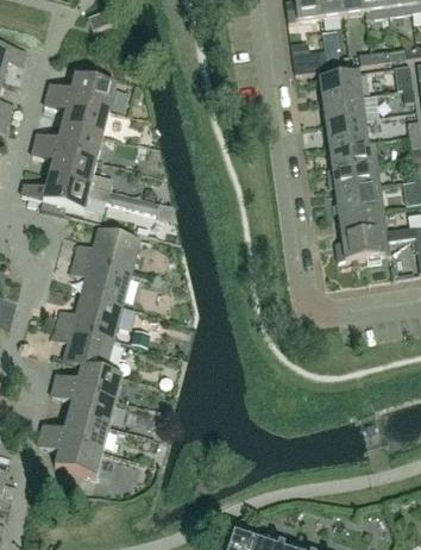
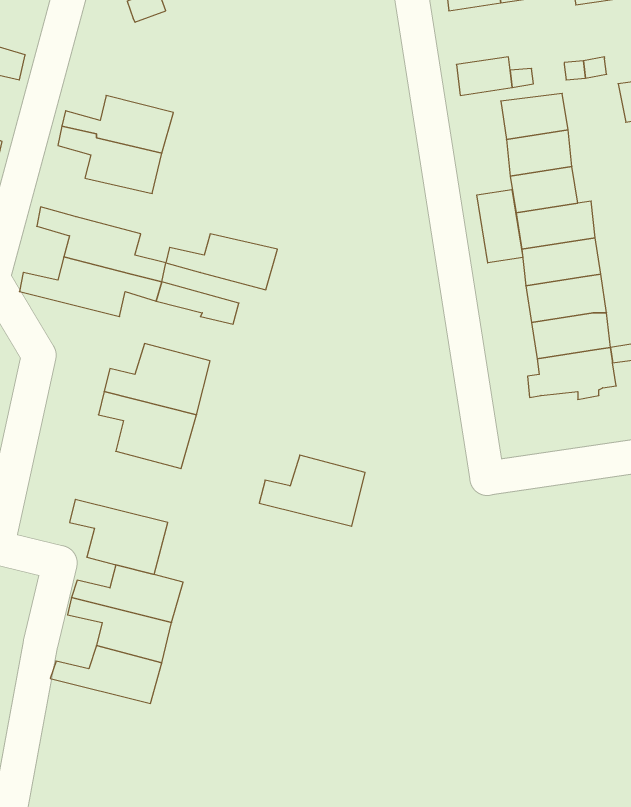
building: [36,125,105,160] -> [166,234,277,290]
building: none -> [477,189,523,263]
building: [57,294,122,338] -> [259,455,365,526]
building: [39,435,103,476] -> none

